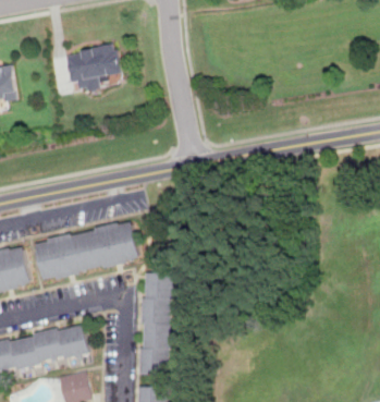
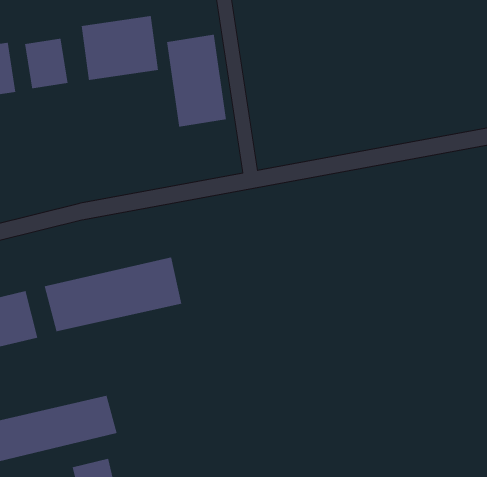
building: none -> [166,34,227,127]
building: none -> [25,38,68,89]
building: [142,272,173,376] -> none

